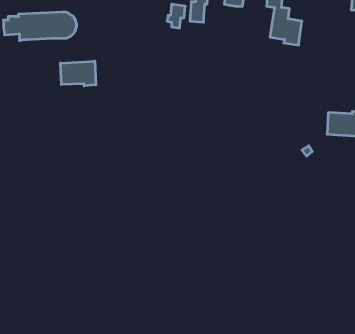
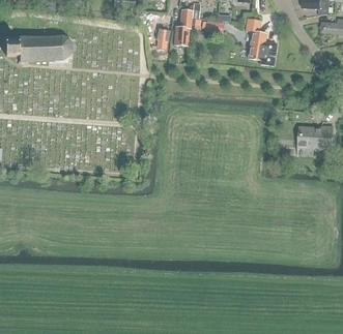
building: [60,61,96,86] -> none

